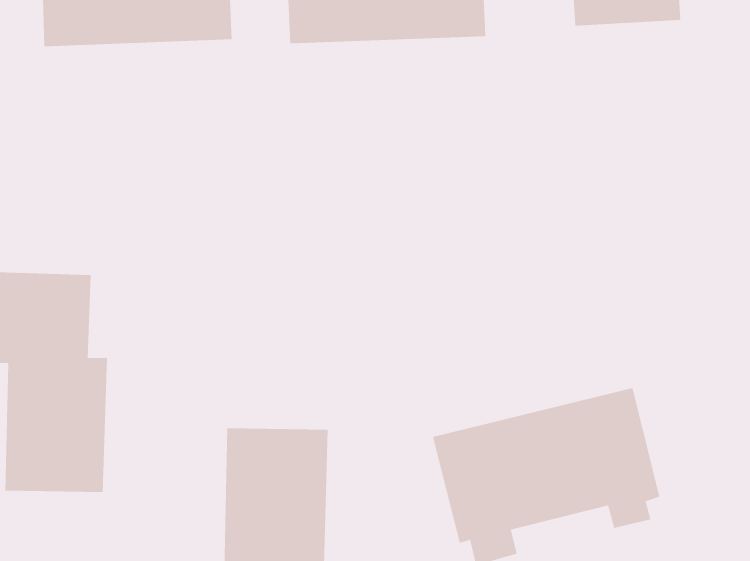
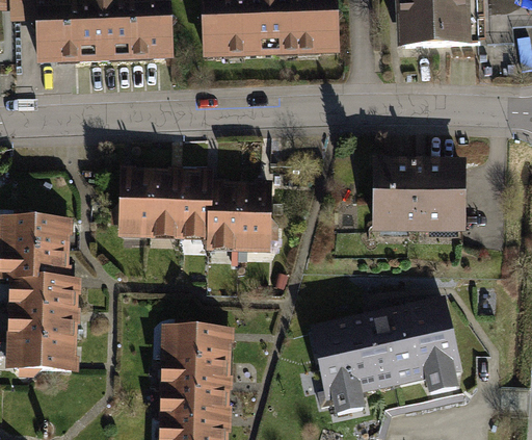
building: none -> [370,163,463,234]
building: none -> [121,170,271,252]

